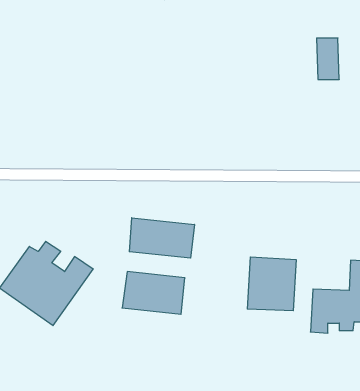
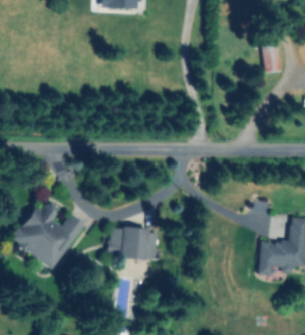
building: [129,218,194,258] -> none
building: [247,257,296,311] -> none

